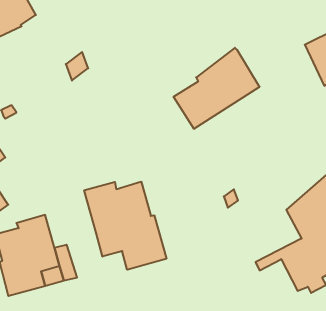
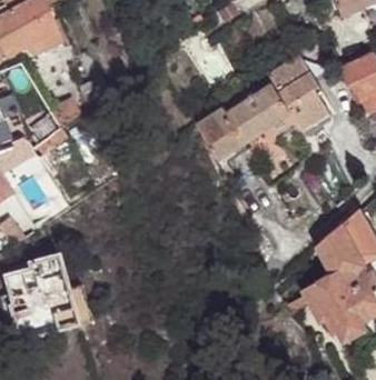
building: none -> [265,53,328,131]
building: [84,182,166,270] -> none

